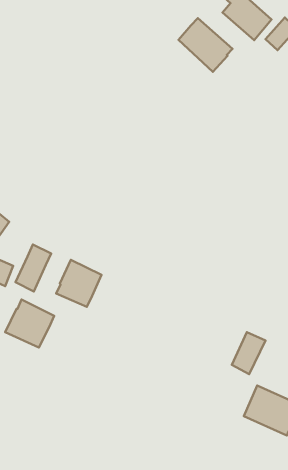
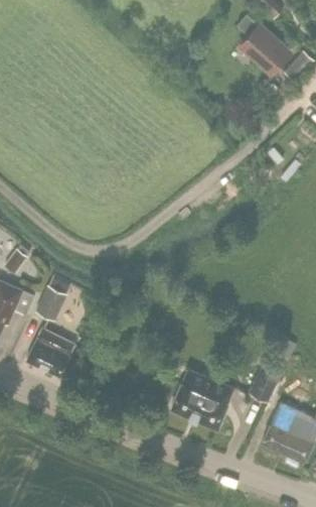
building: [178,18,233,72] -> none
building: [56,260,101,307] -> none
building: none -> [171,371,233,428]

